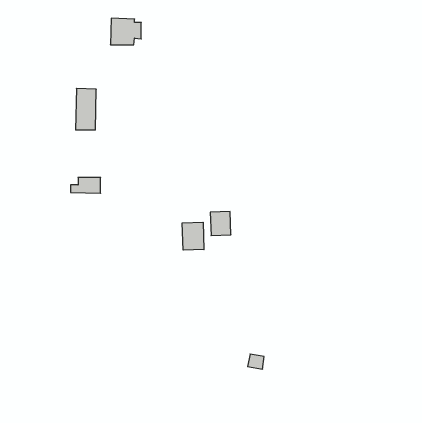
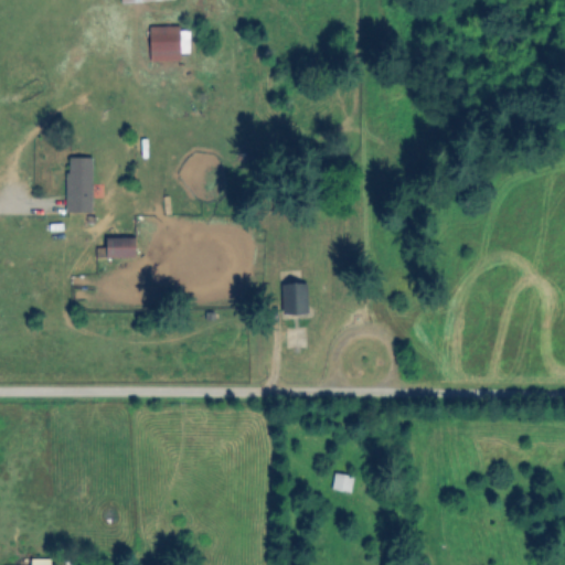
building: [76,88,96,130] -> [67,157,95,212]
building: [182,222,204,250] -> none

